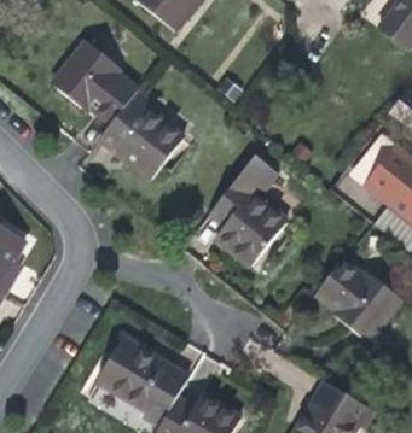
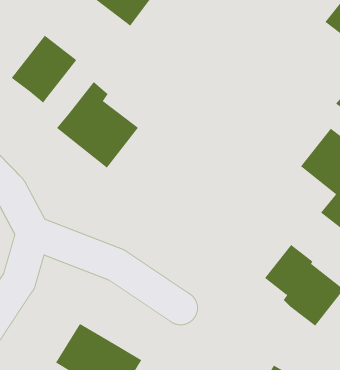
building: [89,72,138,122] -> none
building: [213,157,288,265] -> none

